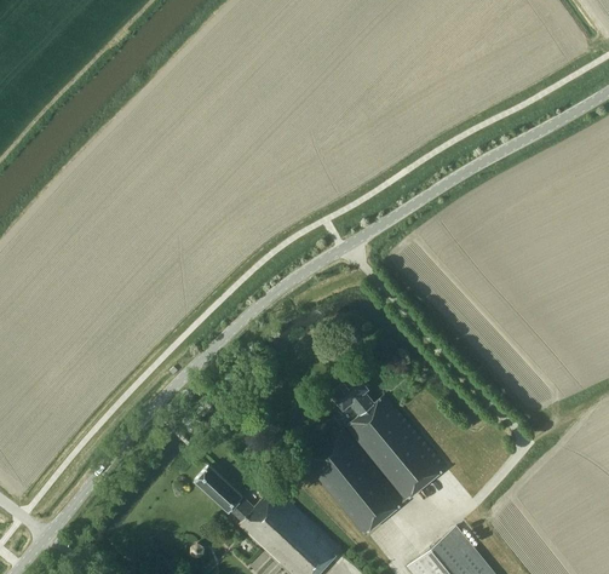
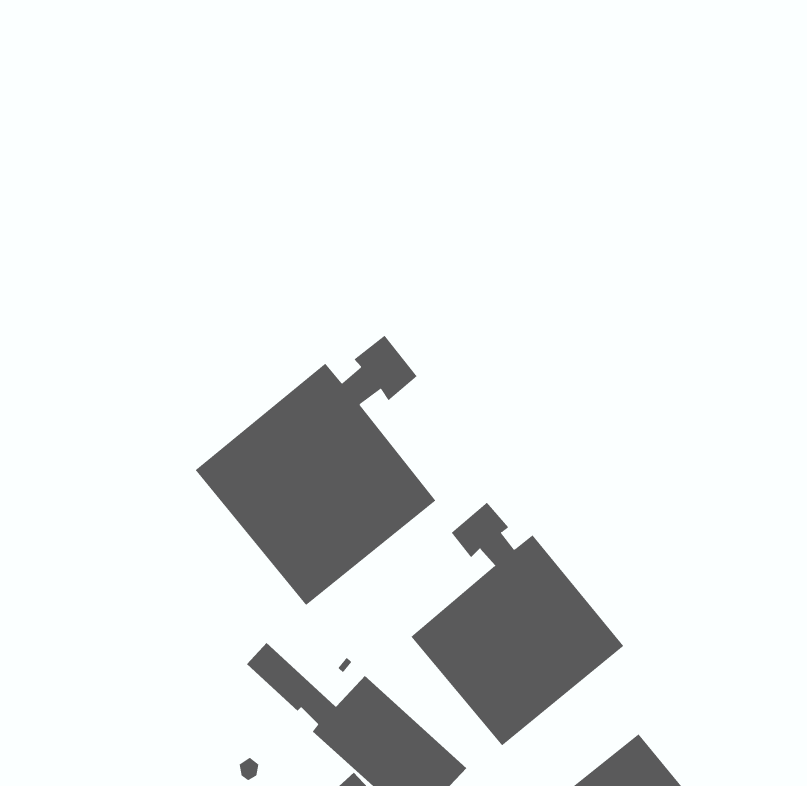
building: none -> [195,335,436,606]

